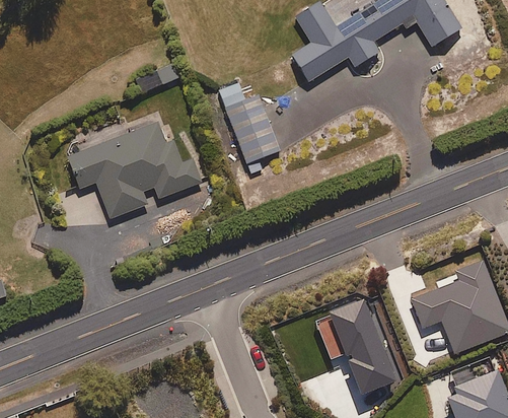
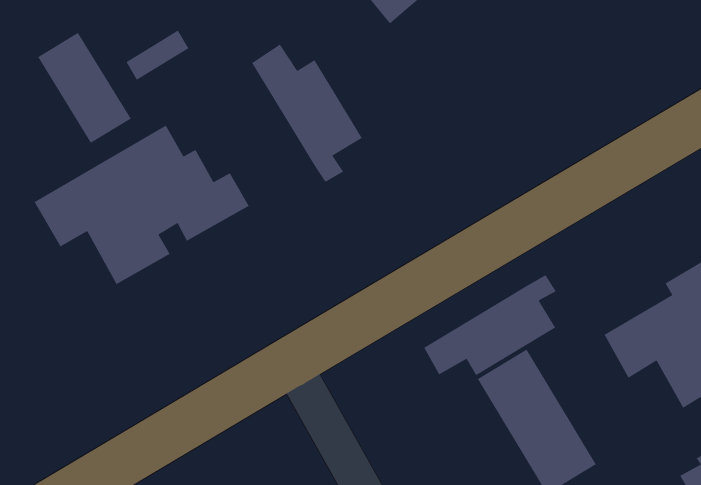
building: none -> [37,32,132,144]
building: none -> [423,274,557,376]

